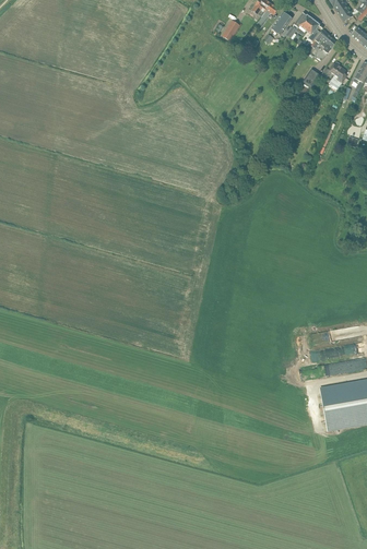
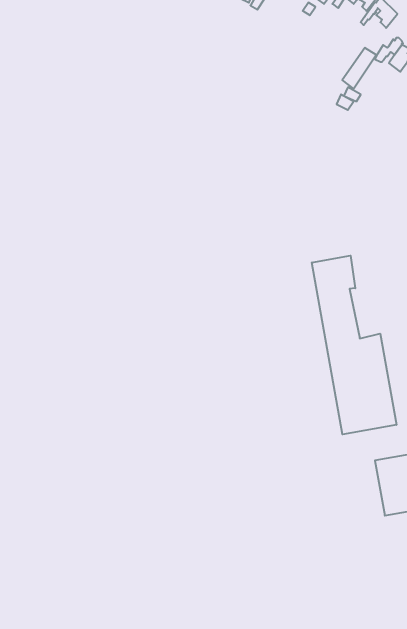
building: none -> [312,256,396,434]

